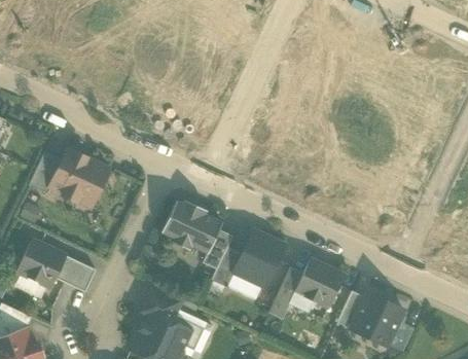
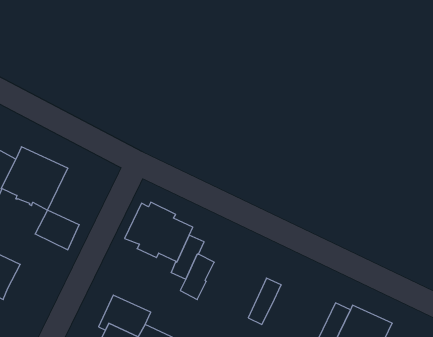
building: [233,234,284,287] -> none
building: [55,257,95,293] -> [35,210,79,250]
building: [294,260,344,309] -> none

